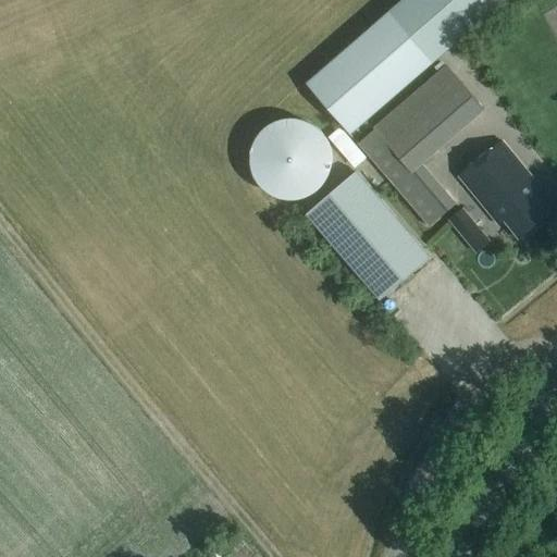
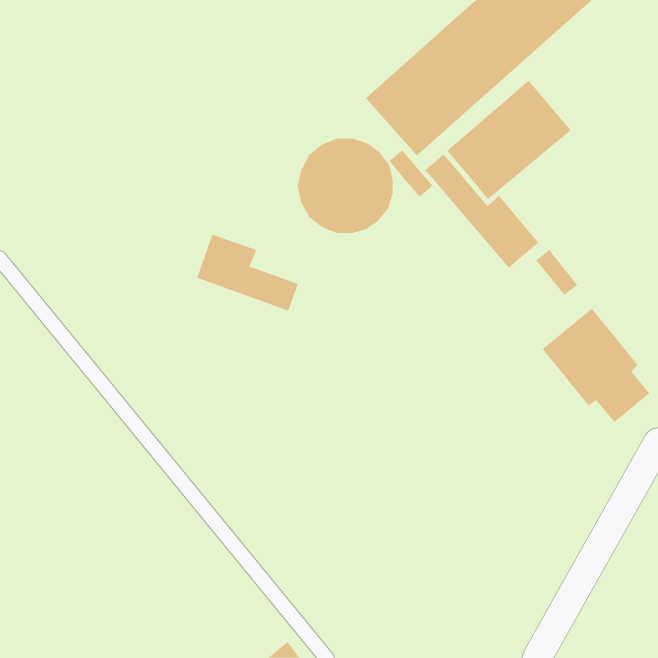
building: [458,141,549,238] -> [542,308,650,423]
building: [307,173,429,301] -> none
building: none -> [196,234,299,311]

